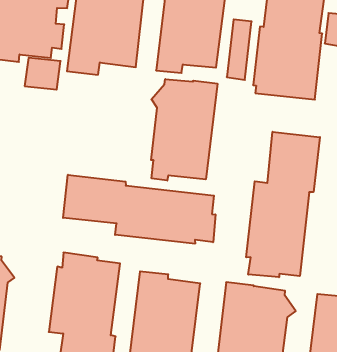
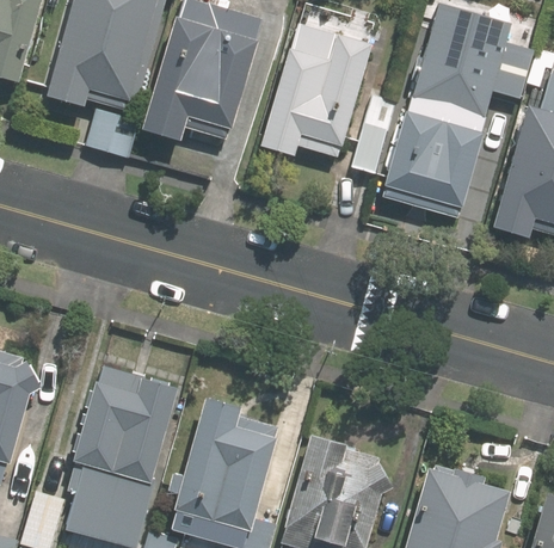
building: [151,79,217,181] -> none
building: [246,132,320,277] -> none
building: [63,175,215,244] -> none

